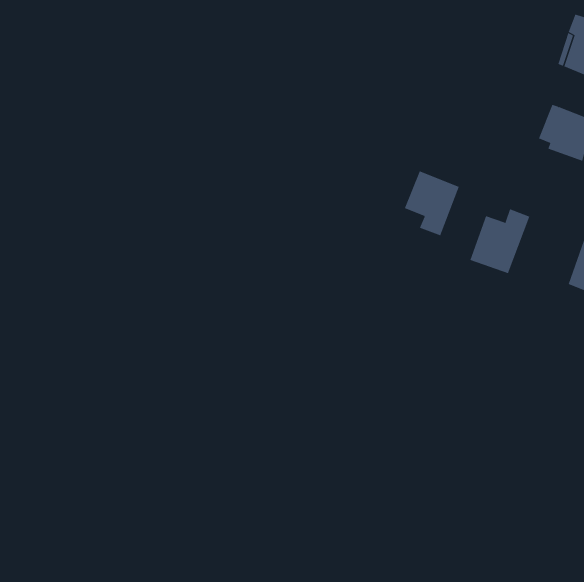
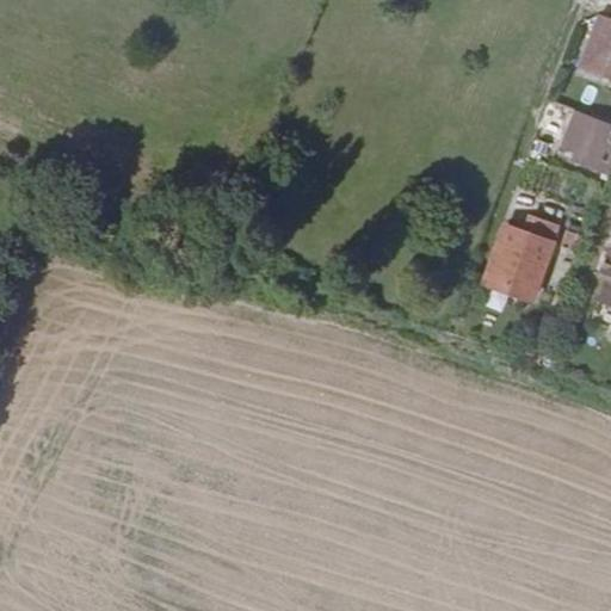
building: [404,171,459,236] -> none

